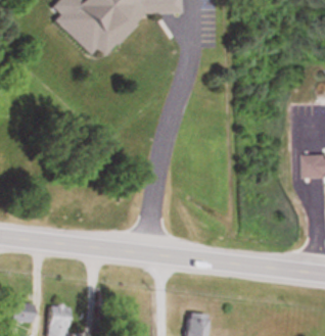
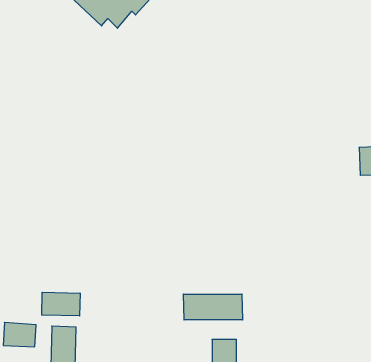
building: none -> [42,292,80,316]
building: none -> [183,294,243,320]

